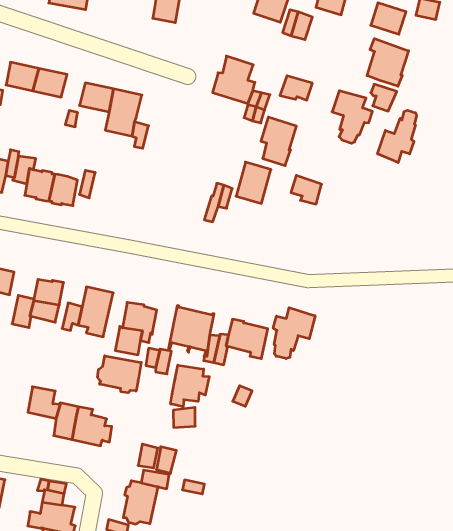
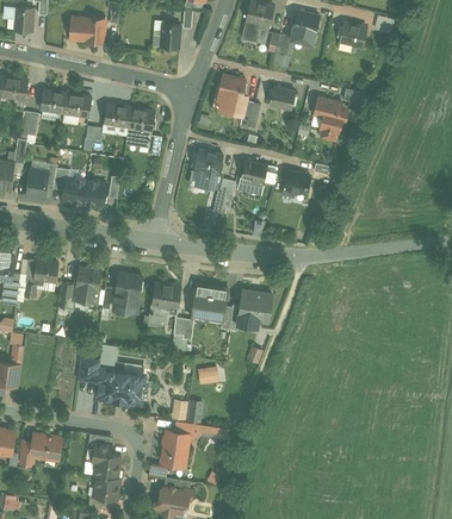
building: [367,39,409,86] -> none
building: [378,110,417,163] -> none
building: [261,117,296,166] -> [193,150,222,189]
building: [273,308,315,359] -> none
building: [98,356,141,393] -> none
building: [171,365,209,407] -> none

